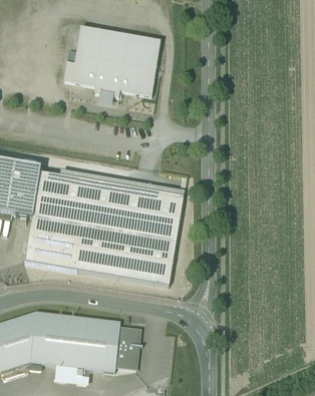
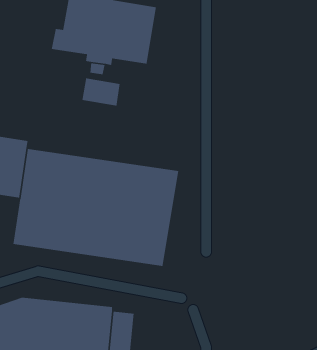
building: none -> [82,78,120,107]

